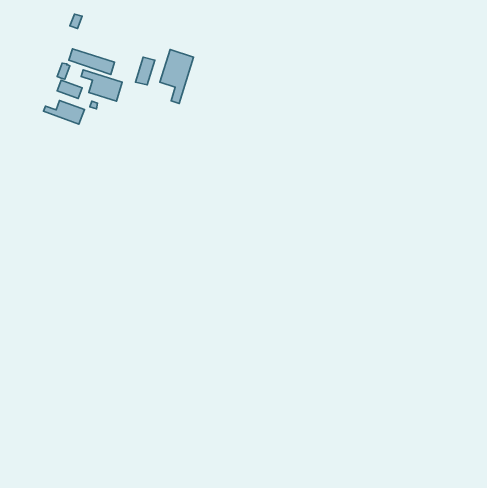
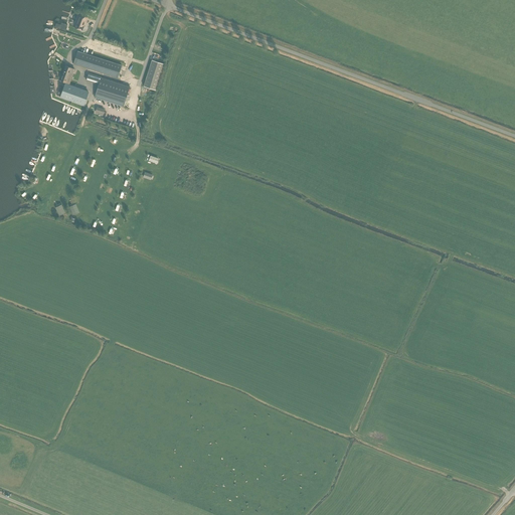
building: [160,49,194,104] -> none
building: [44,100,84,124] -> none

